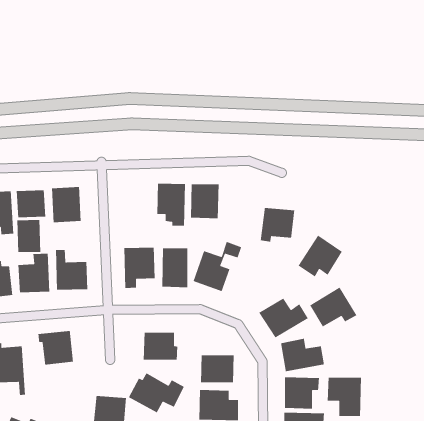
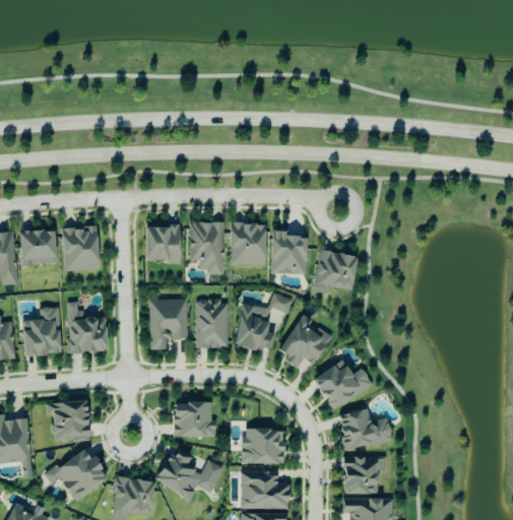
building: none -> [145,222,180,264]
building: none -> [271,231,307,274]
building: [16,219,41,253] -> none
building: [298,235,343,278] -> [277,316,332,368]
building: [309,287,358,328] -> none
building: none -> [45,449,108,503]
building: [327,377,362,417] -> none

